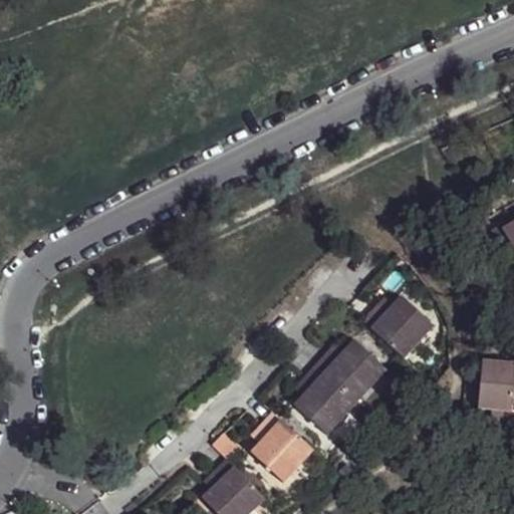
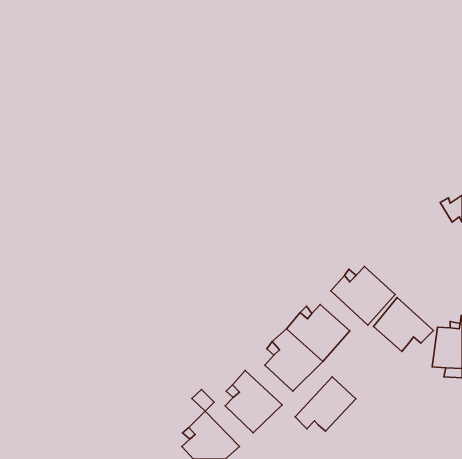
building: none -> [373,297,434,351]
building: none -> [295,377,356,431]

